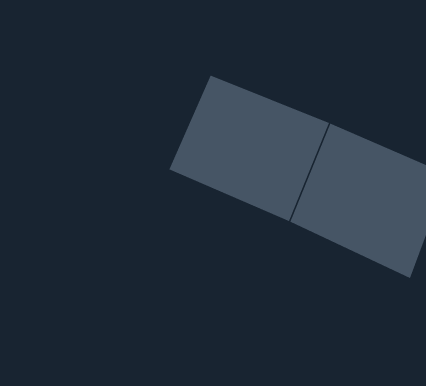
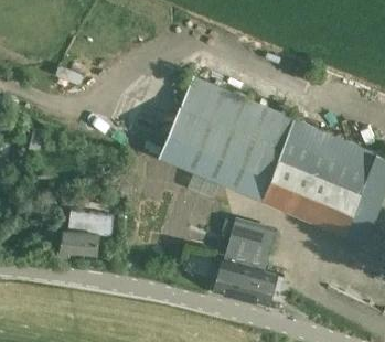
building: none -> [56,218,99,259]
building: none -> [215,221,281,306]

